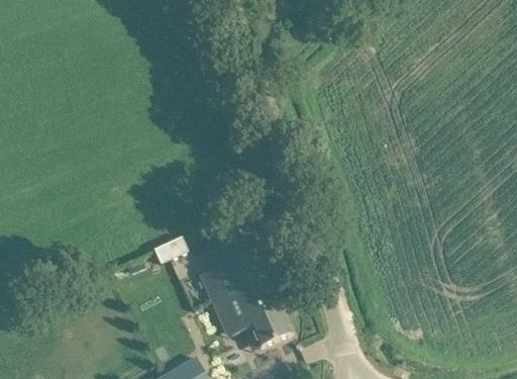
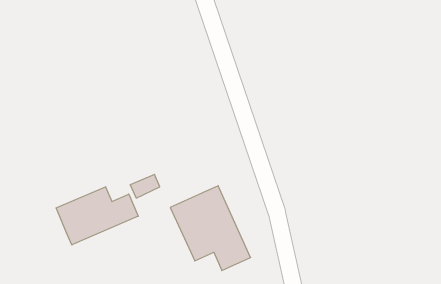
building: none -> [56,187,138,245]

